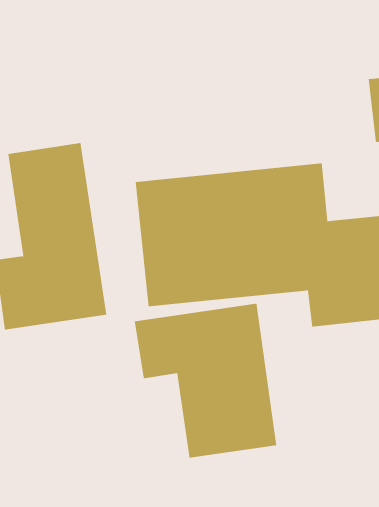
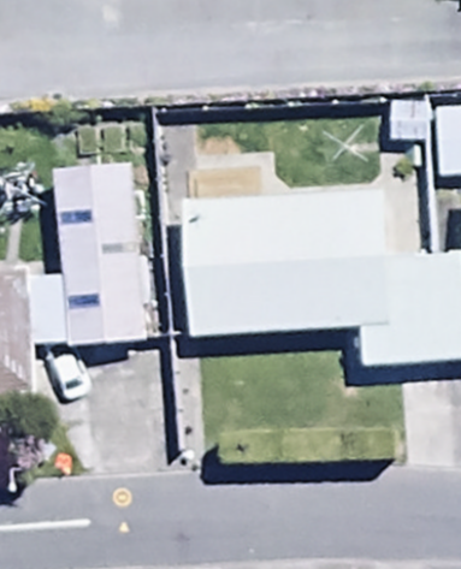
building: [134,303,277,459] -> none

